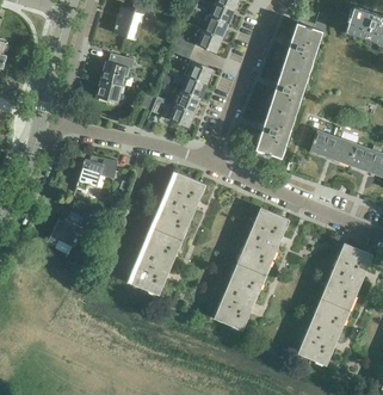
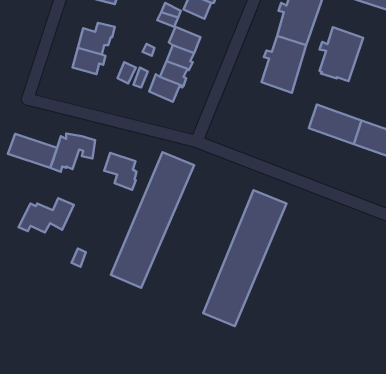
building: [254,110,294,159] -> [320,27,363,81]
building: none -> [8,134,57,168]
building: none -> [104,153,136,190]
building: [297,243,372,366] -> none

